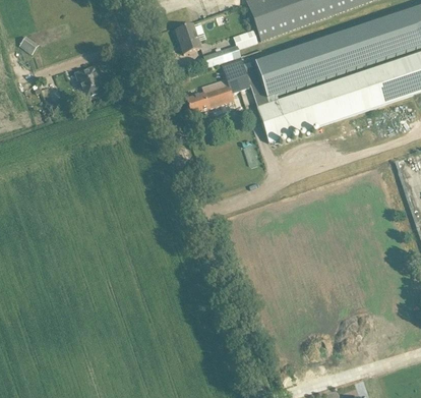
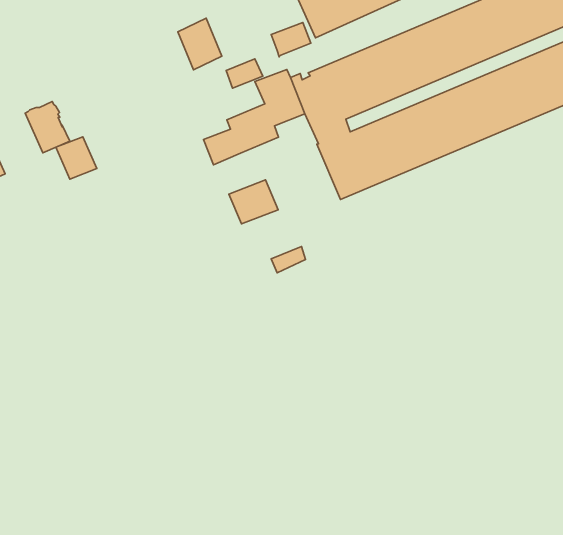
building: none -> [56,137,97,179]
building: none -> [229,180,278,224]

